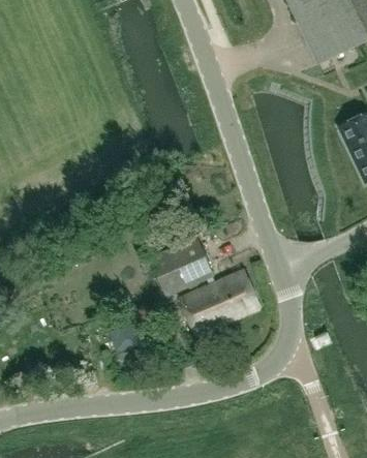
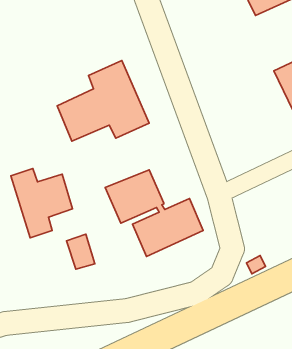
building: none -> [57,61,149,141]
building: none -> [11,169,73,238]

